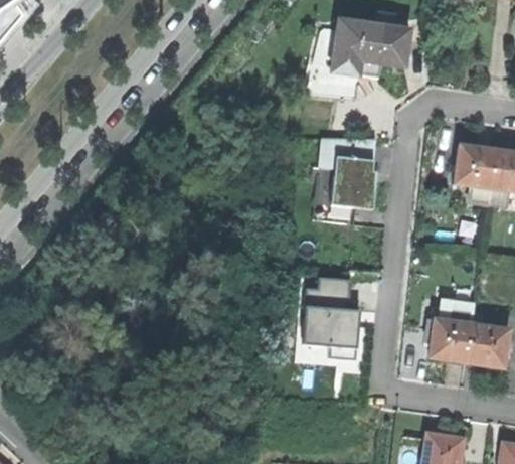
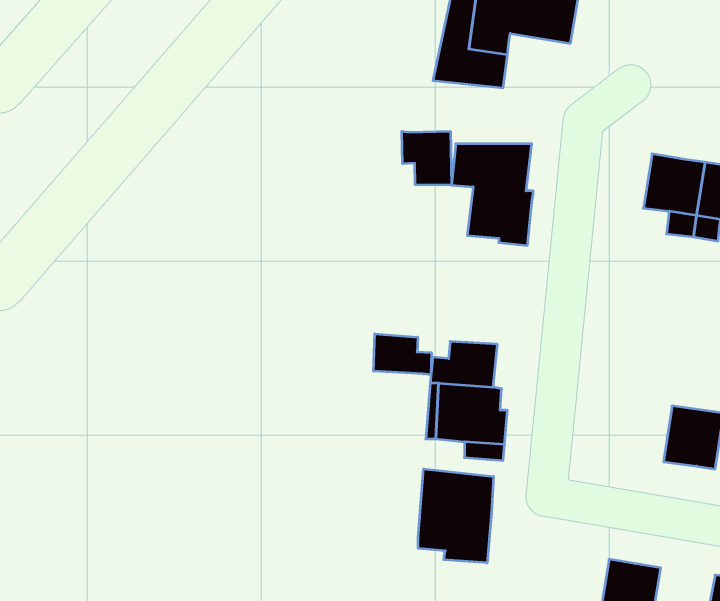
building: none -> [402,131,452,185]
building: none -> [373,334,431,375]
building: [431,299,477,361] -> none
building: none -> [418,469,493,563]

